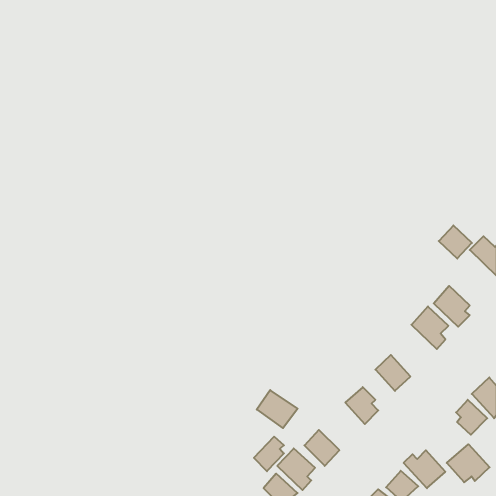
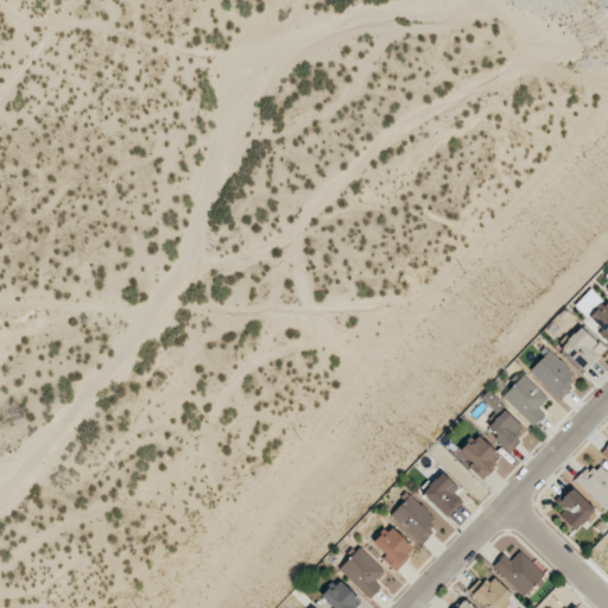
building: [439,225,472,259] -> [562,330,602,370]
building: none -> [490,411,525,454]
building: [257,390,298,428] -> [391,496,441,543]
building: [254,437,284,471] -> none
building: [447,444,490,482] -> none

